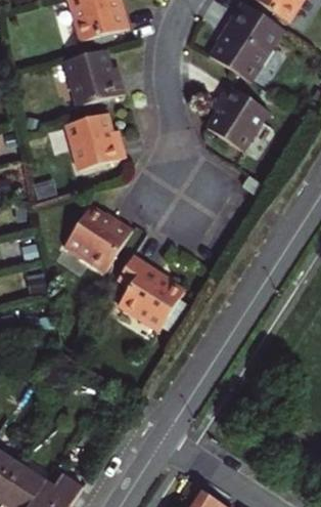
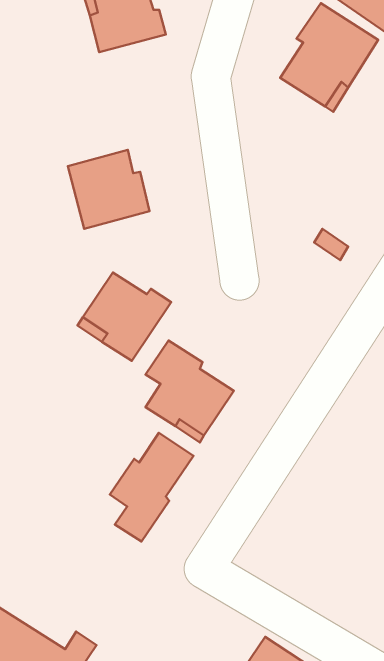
building: [57,50,119,108] -> none
building: [212,86,274,154] -> none
building: none -> [110,433,193,542]

